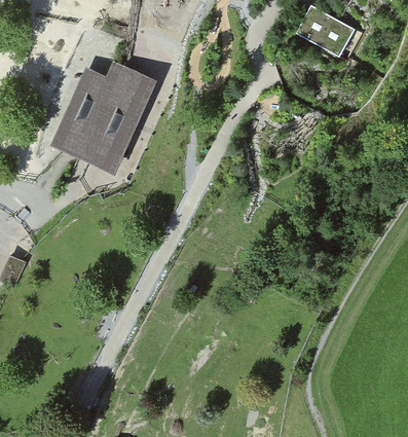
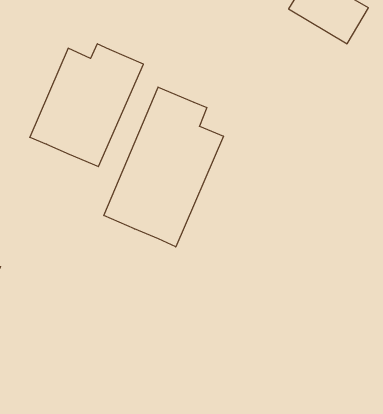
building: none -> [104,87,223,247]

